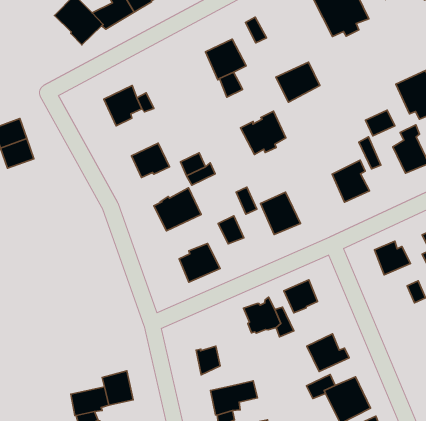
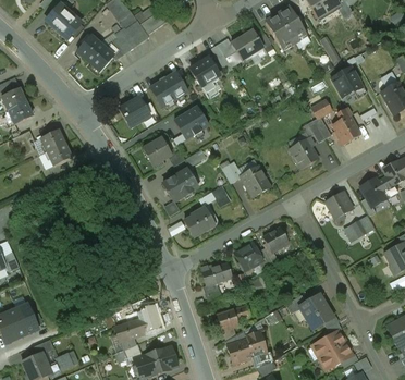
building: none -> [150,70,187,105]
building: [276,62,320,102] -> [231,29,263,60]
building: [241,111,286,154] -> [174,106,208,138]
building: none -> [200,262,231,285]
building: [307,334,349,371] -> none

